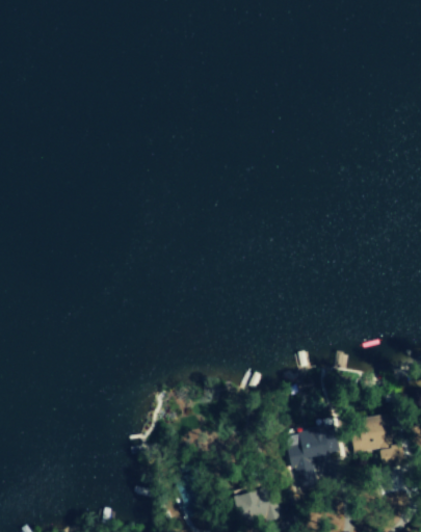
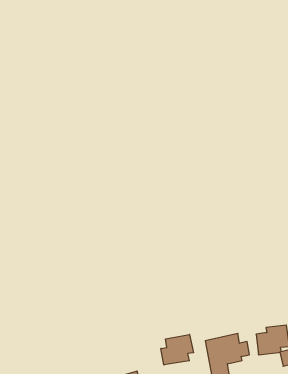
building: none -> [161,334,193,365]

